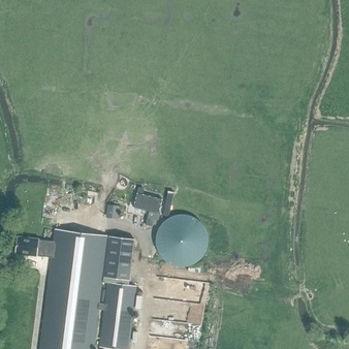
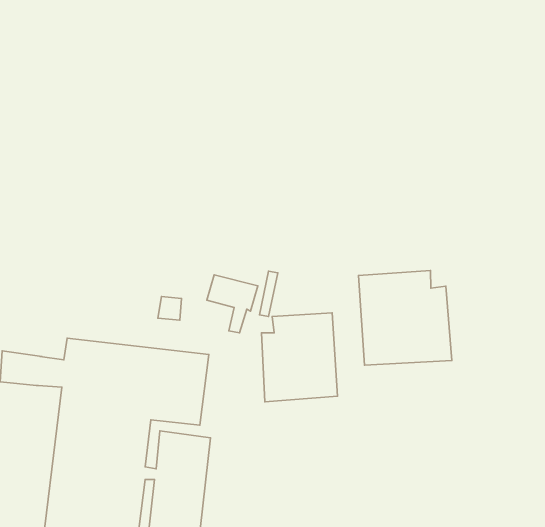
building: none -> [359,270,452,365]

